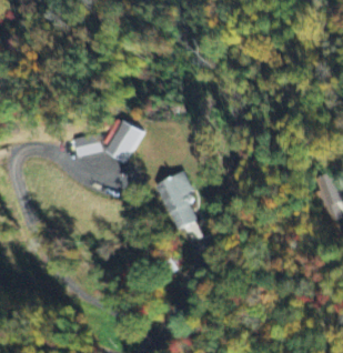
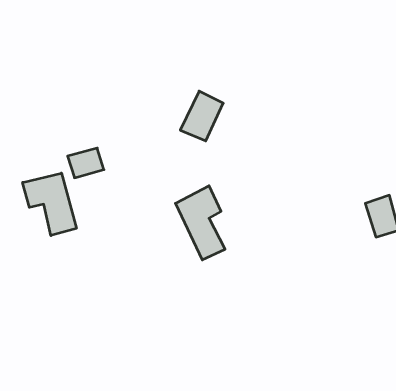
building: [101,124,137,165] -> [180,91,223,141]
building: none -> [23,173,76,236]

